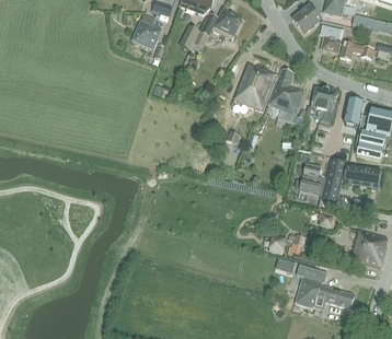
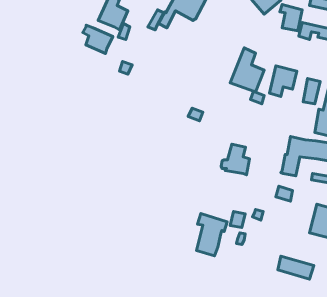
building: none -> [83,25,113,54]
building: [234,63,277,110] -> none
building: [296,163,325,195] -> [221,144,250,175]
building: [296,262,327,306] -> [197,213,227,256]

